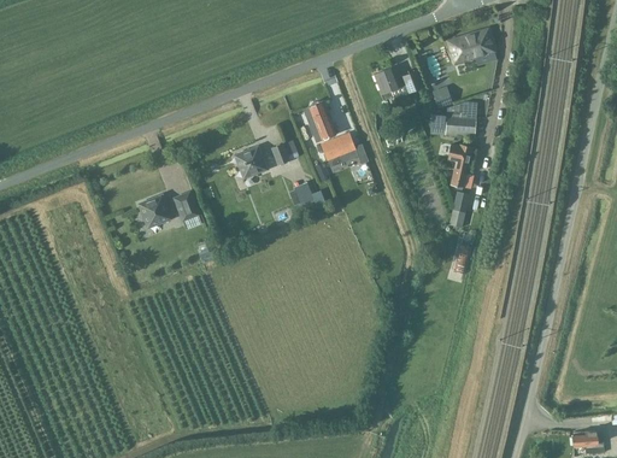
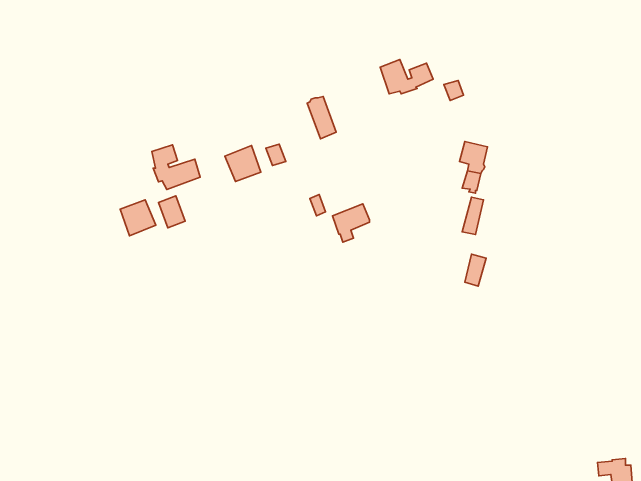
building: [447,28,495,64] -> none
building: [446,102,476,136] -> none
building: [321,133,354,168] -> [332,204,369,242]
building: none -> [152,145,200,190]

